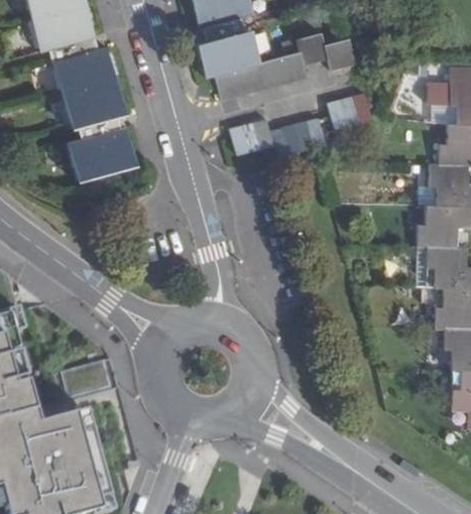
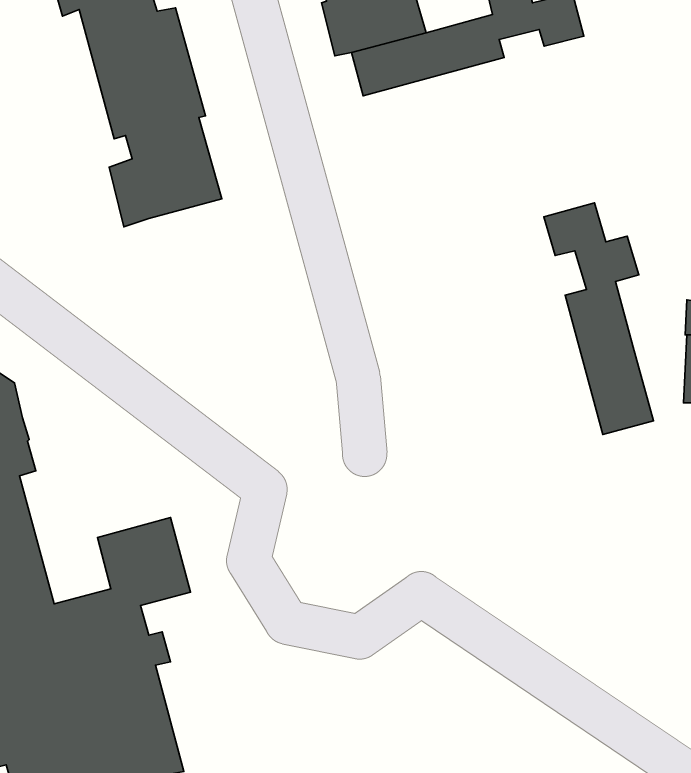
building: [230,93,371,157] -> none
building: none -> [544,203,653,435]

